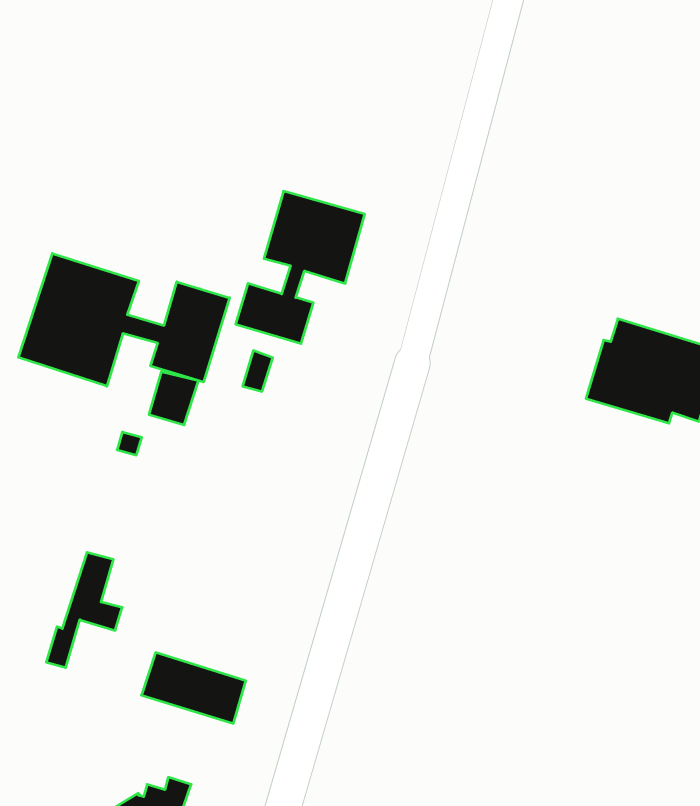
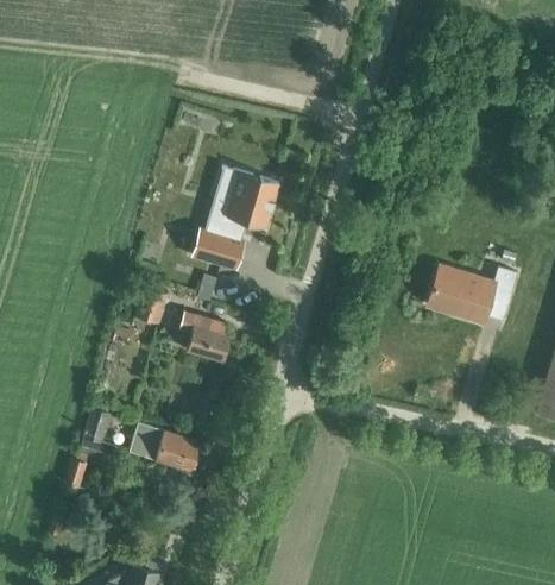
building: [18,253,230,386] -> none
building: none -> [181,313,231,361]
building: [141,653,246,723] -> [130,423,200,471]

